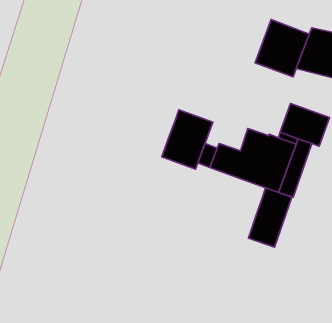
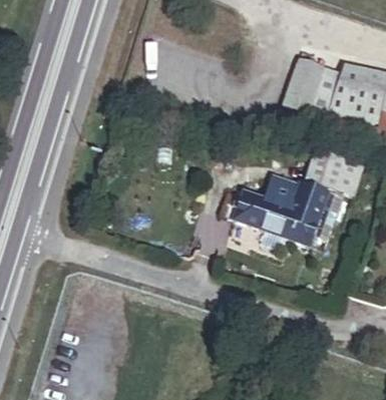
building: [162,110,213,169] -> none
building: [248,188,292,247] -> none

